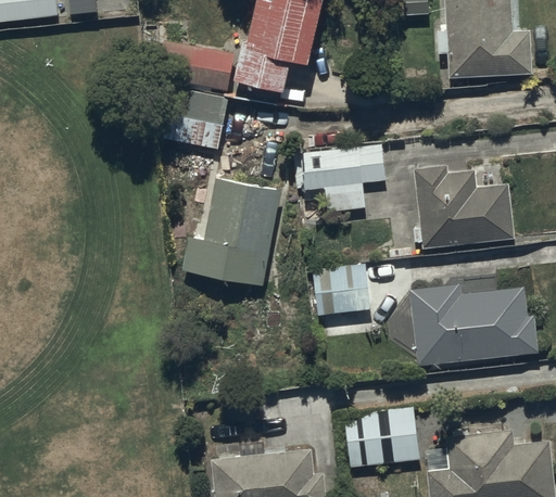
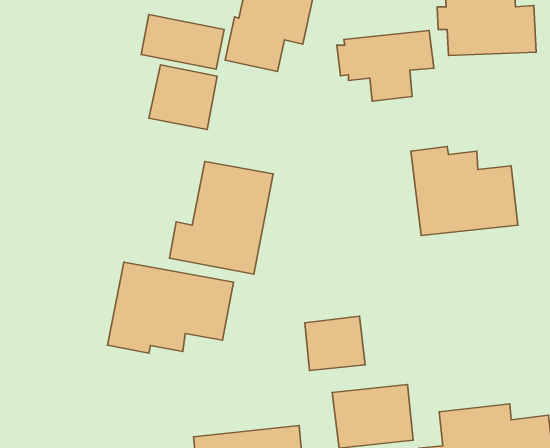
building: [294,149,387,216] -> [337,30,434,101]
building: [314,268,371,320] -> [305,316,365,371]
building: [403,268,533,353] -> none
building: none -> [108,262,234,353]

